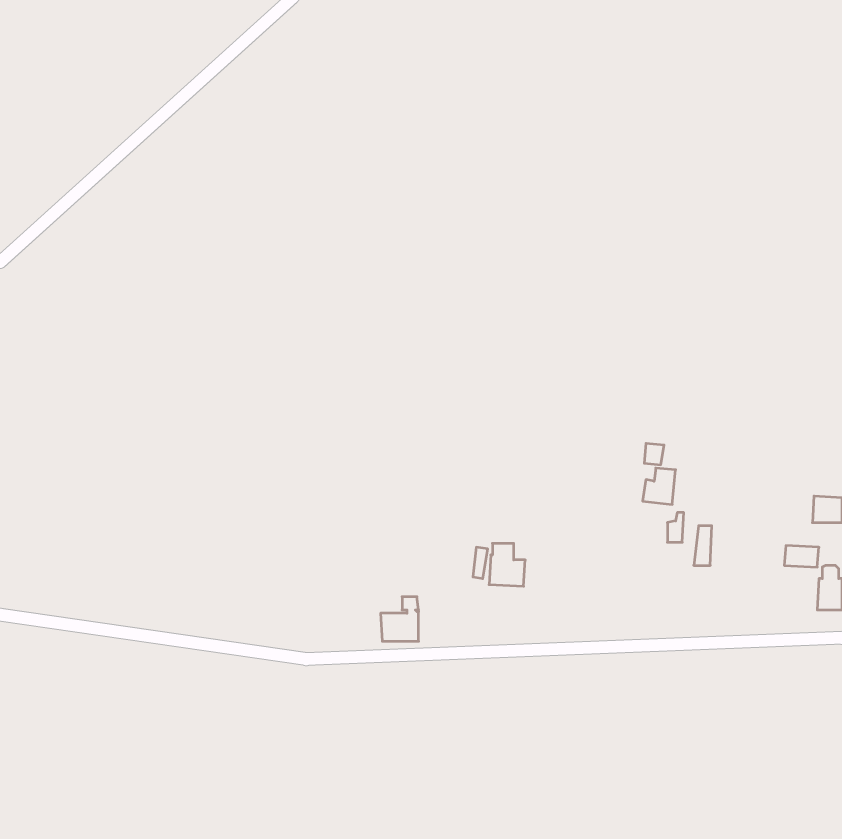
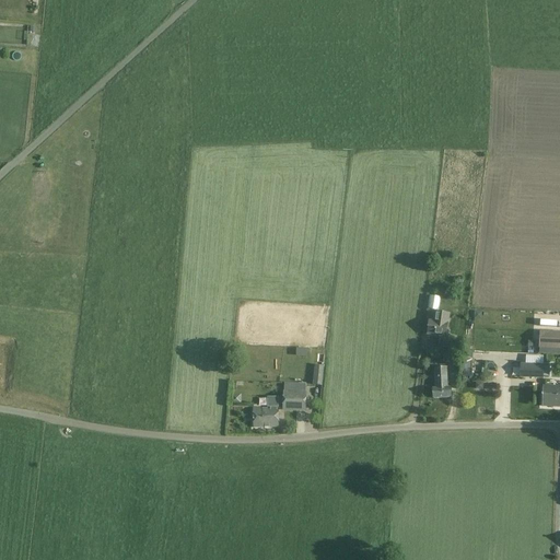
building: [489,543,525,586] -> [282,381,306,409]
building: none -> [433,365,451,397]

